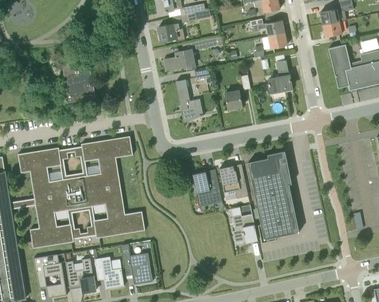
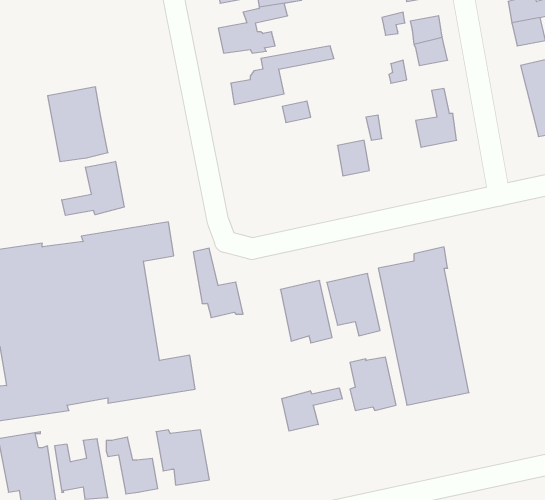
building: [176,79,204,118] -> [193,248,243,318]
building: none -> [62,161,124,215]
building: none -> [282,388,342,431]

